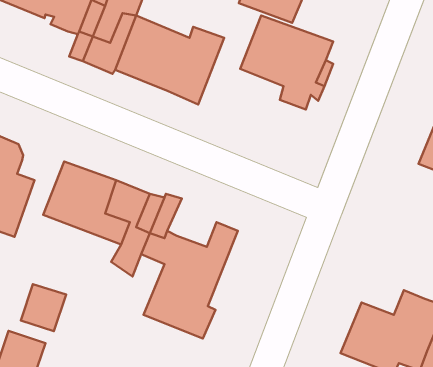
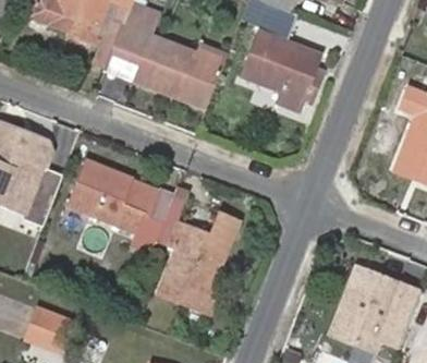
building: [21,284,66,331] -> none

